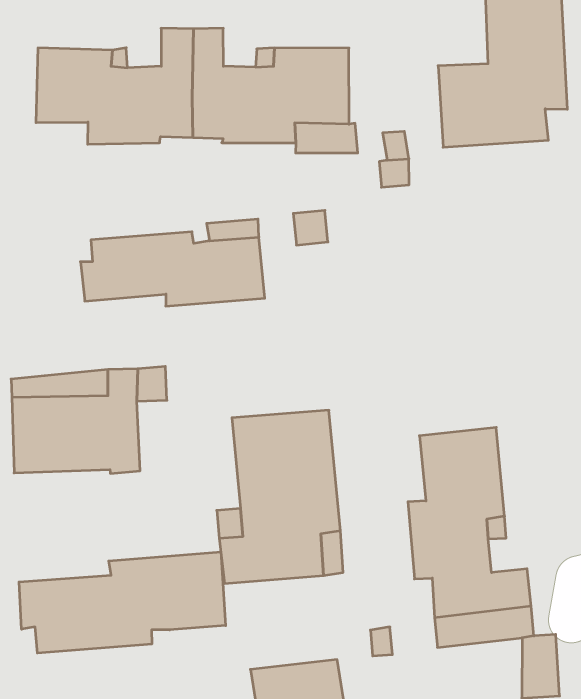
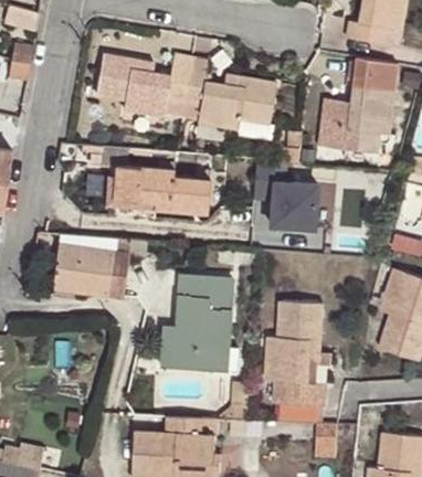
building: none -> [253,160,318,234]
building: [19,552,226,653] -> none

